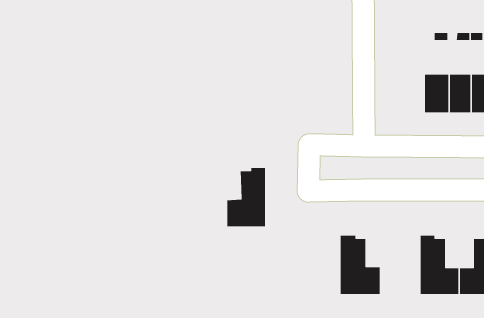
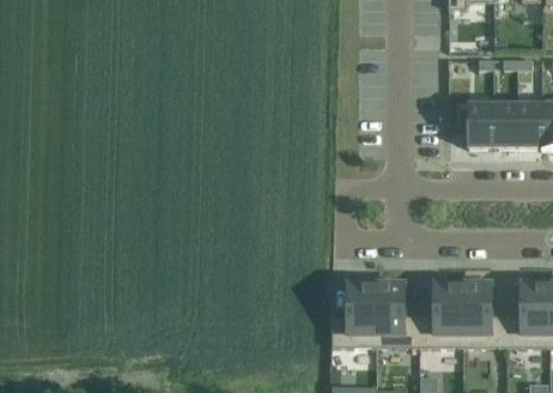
building: [227,167,266,227] -> [333,279,376,345]
building: none -> [420,279,463,345]

